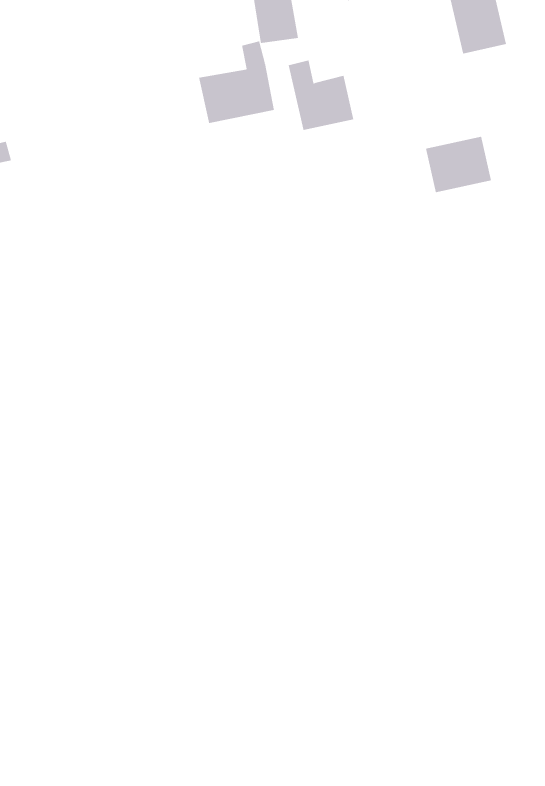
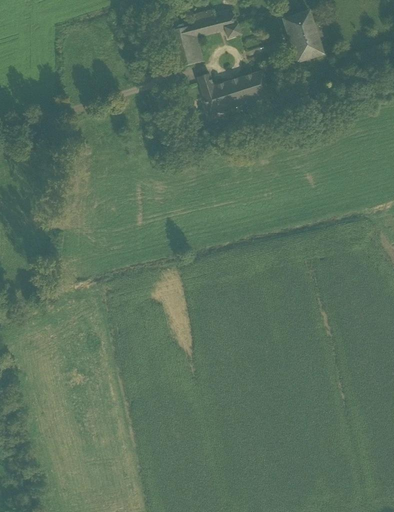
building: [198,41,274,124] -> none
building: [425,136,492,193] -> [230,70,270,105]

